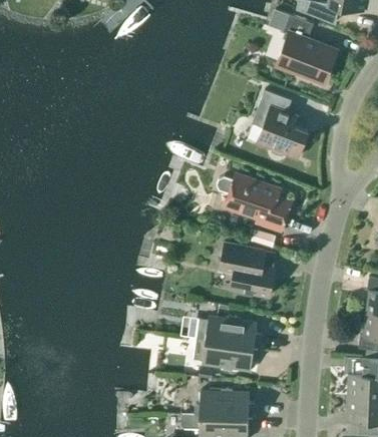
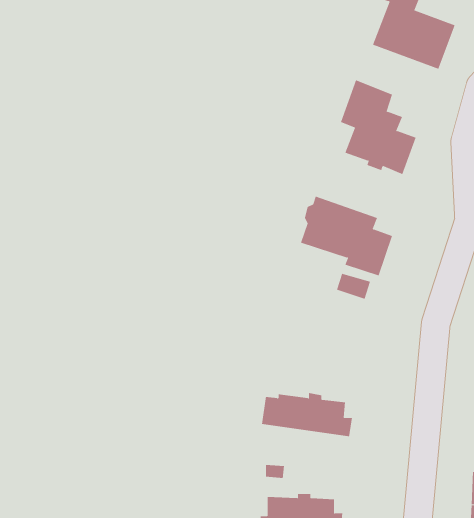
building: [219,242,274,296] -> none
building: [194,338,260,371] -> none

